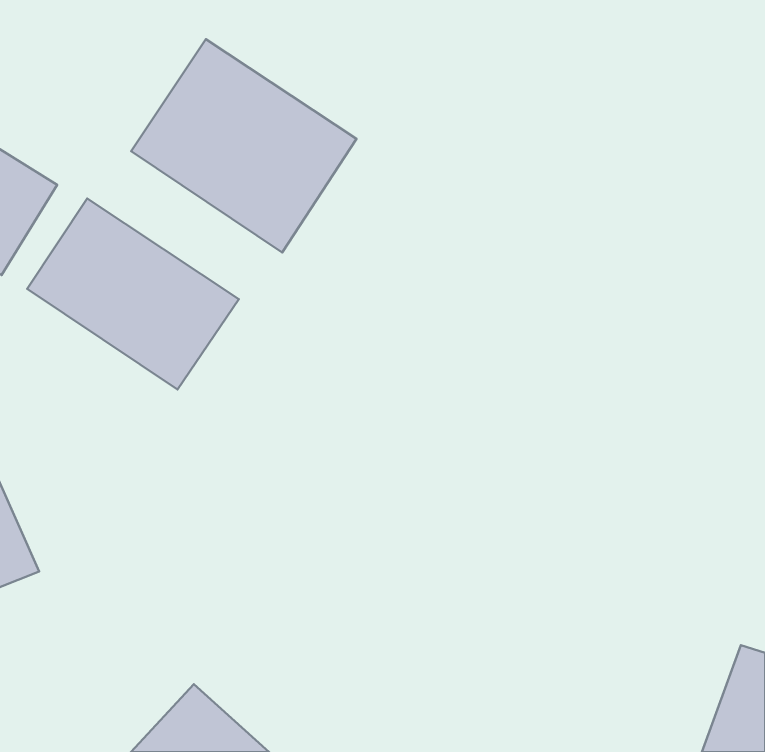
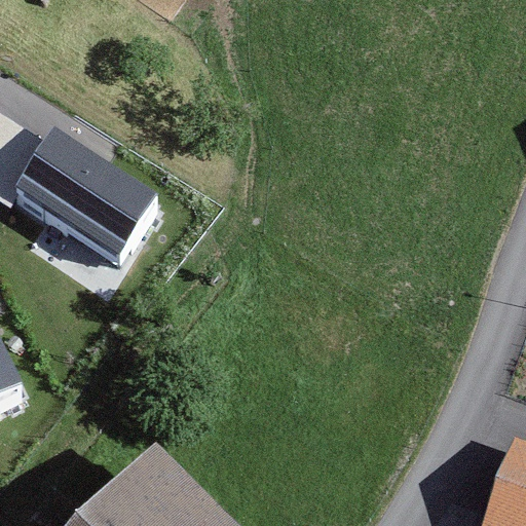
building: [131,39,356,252] -> none

